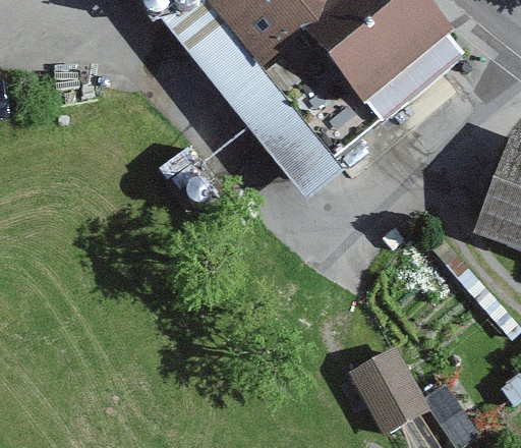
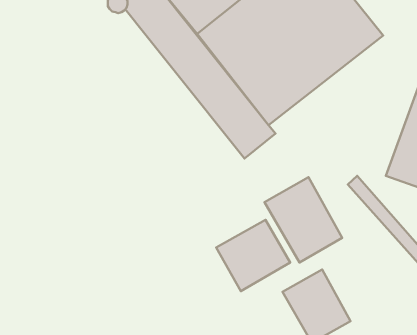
building: none -> [265,177,342,262]
building: none -> [216,220,290,291]

